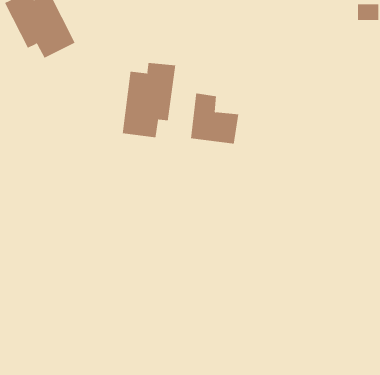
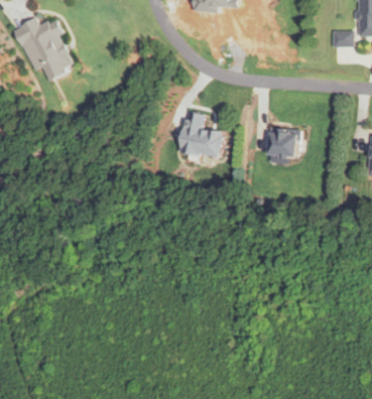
building: [122,62,176,138] -> none
building: none -> [270,129,302,156]

